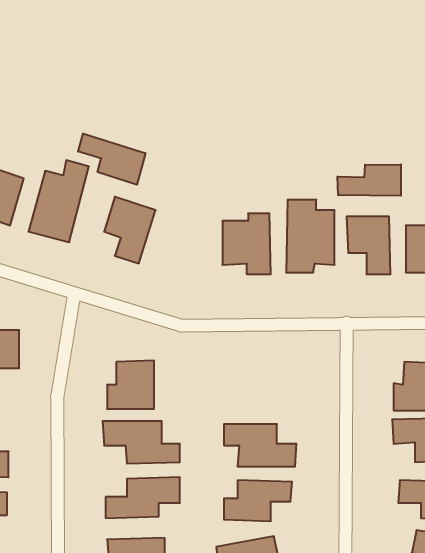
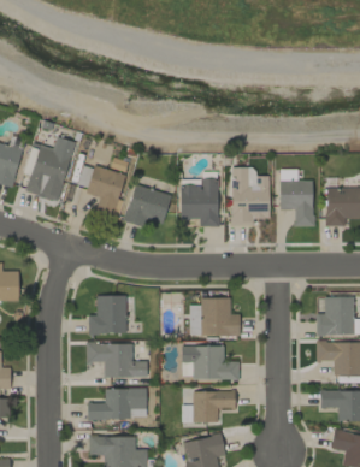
building: [78,133,145,185] -> none
building: [338,164,401,196] -> none
building: none -> [125,184,171,229]
building: none -> [189,297,240,336]

